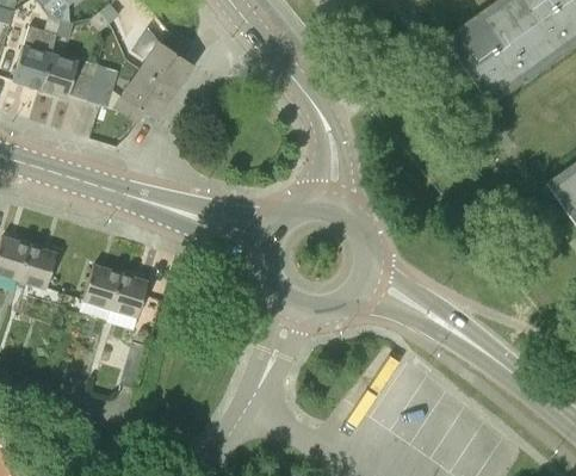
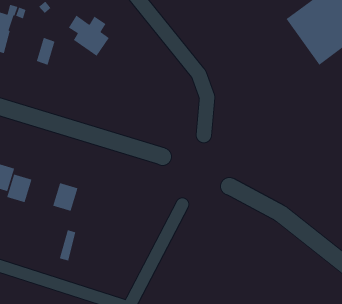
building: [41,55,97,100] -> none
building: [113,69,174,124] -> none
building: [82,266,120,309] -> [6,173,32,203]

